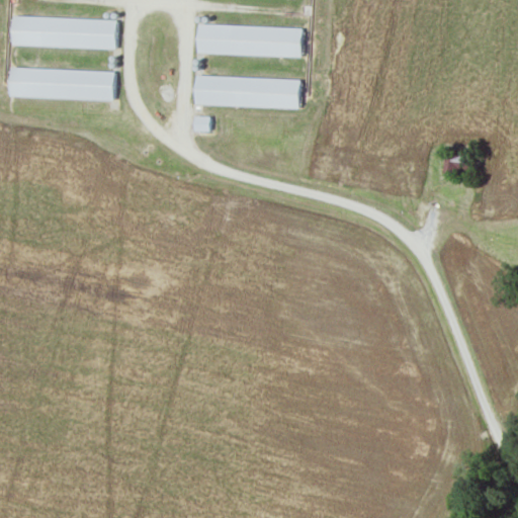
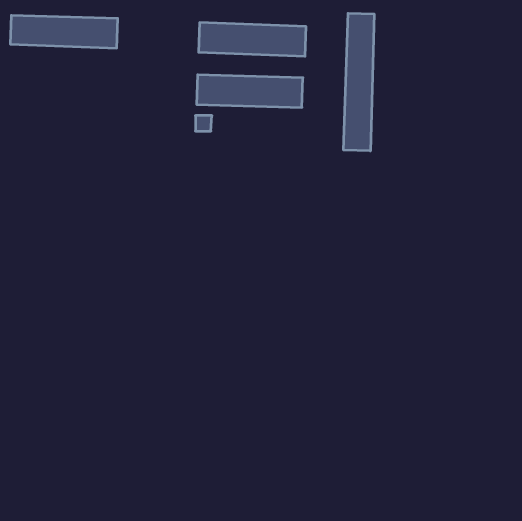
building: none -> [344,13,374,151]
building: [8,68,114,100] -> none

